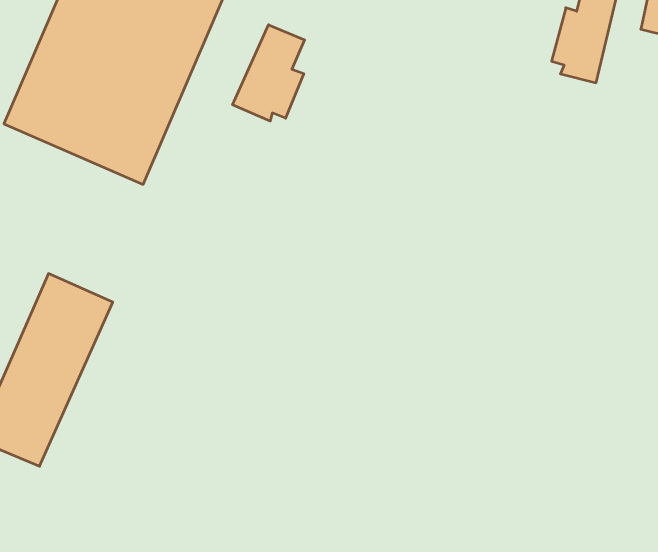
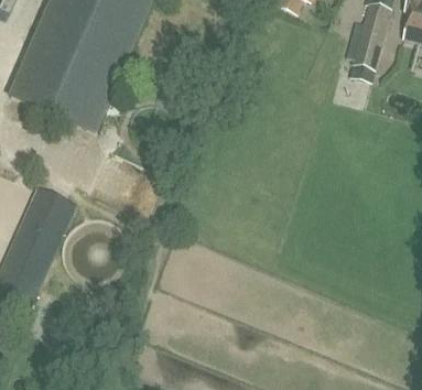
building: [233,25,305,121] -> none

